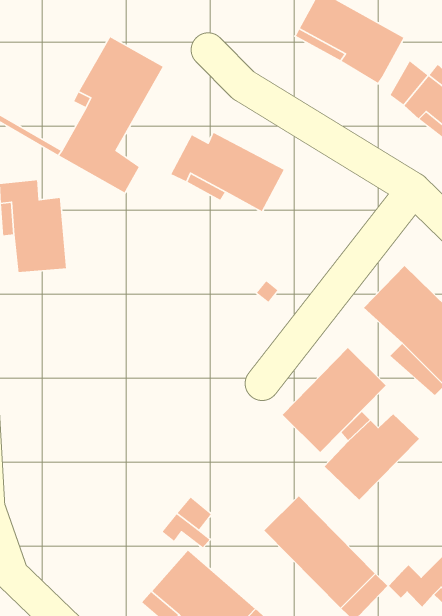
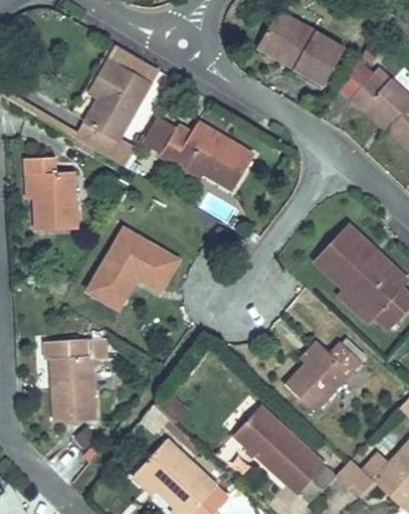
building: none -> [85,227,179,310]
building: [282,347,387,453] -> none
building: none -> [50,340,103,421]

